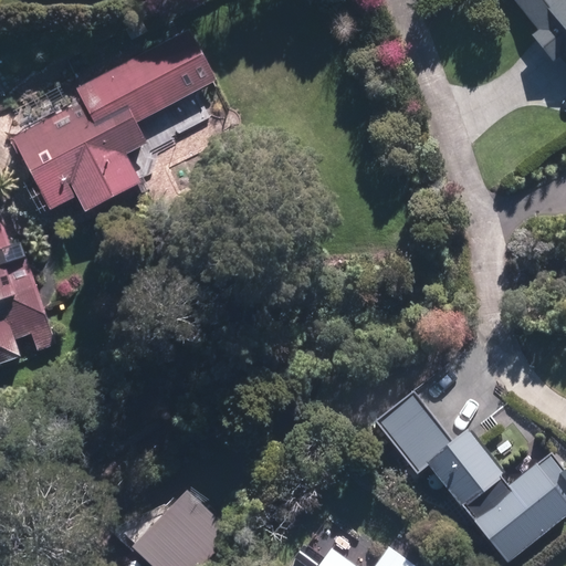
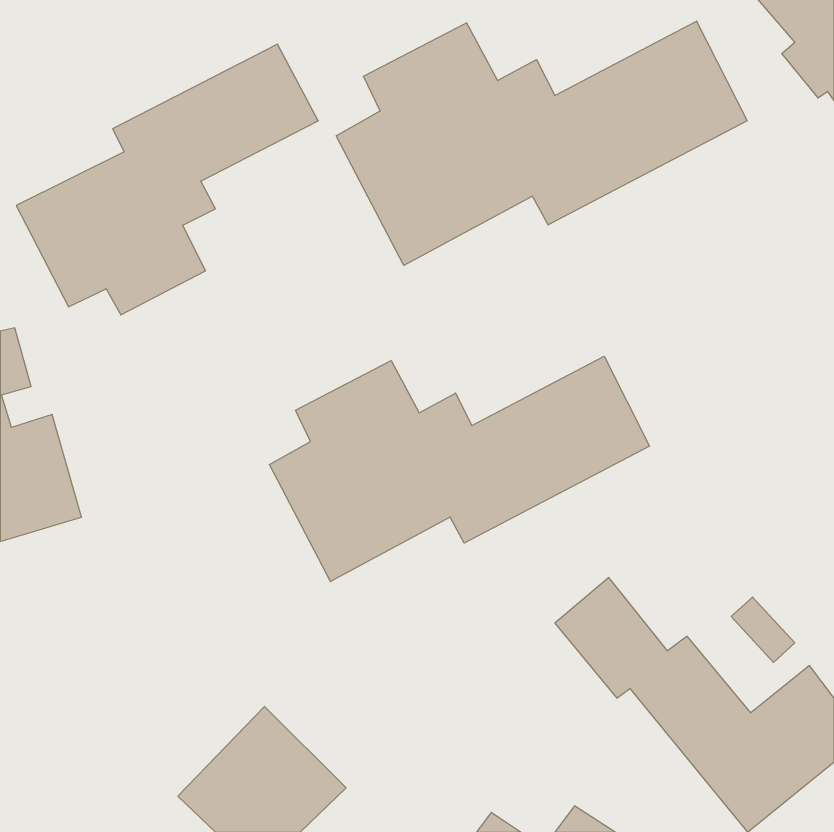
building: none -> [336,21,747,265]
building: none -> [269,356,650,582]

